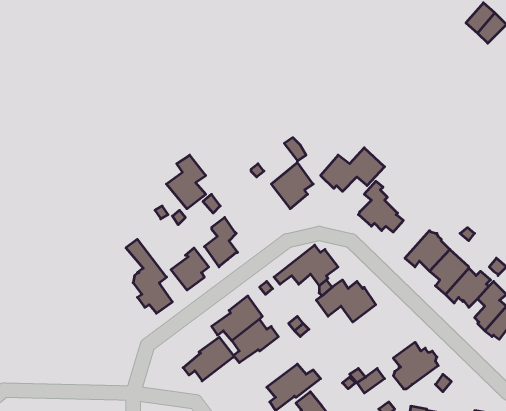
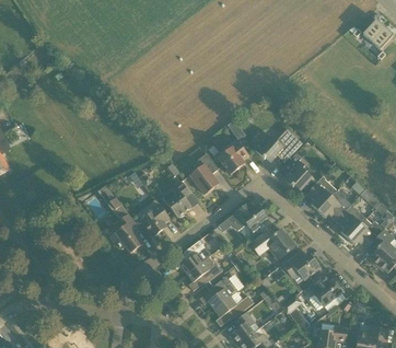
building: [166,155,206,209] -> [189,154,219,195]
building: none -> [306,178,336,212]
building: none -> [281,251,321,281]
building: [183,337,234,381] -> [199,277,237,310]

